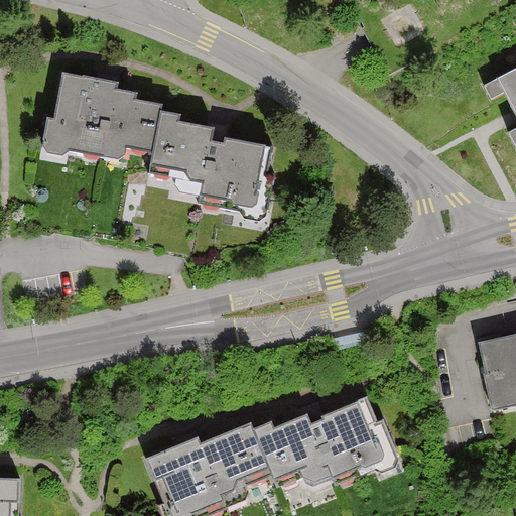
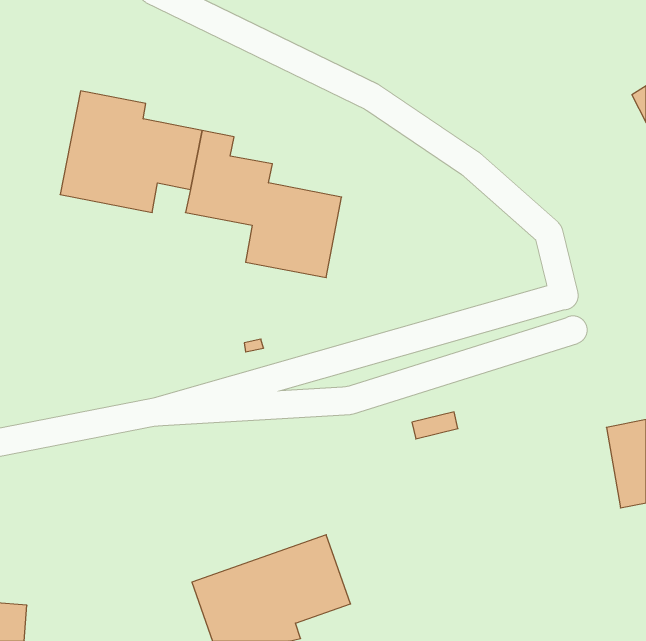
building: [257,402,384,480] -> none

